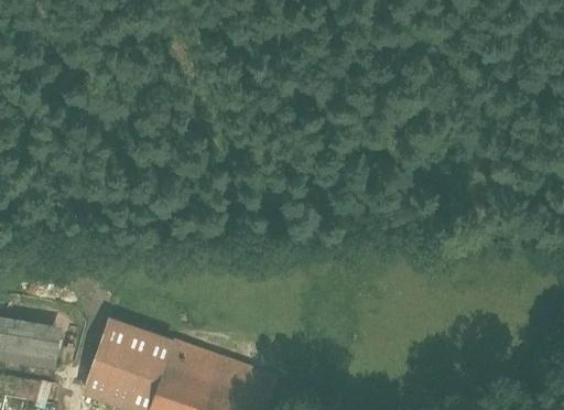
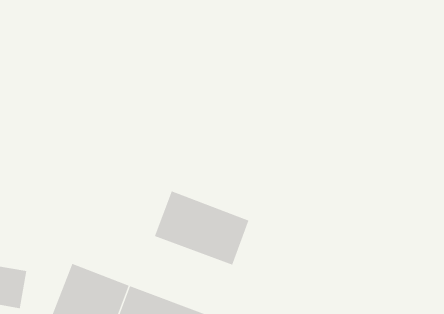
building: none -> [154,191,249,265]

